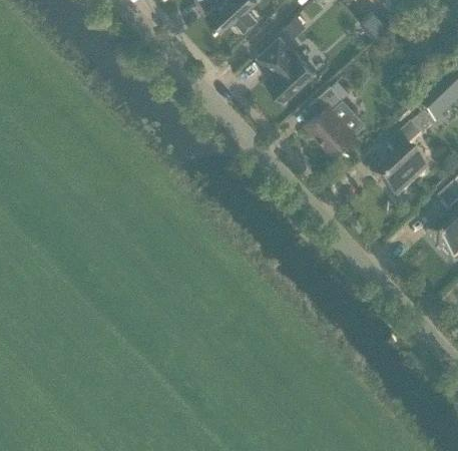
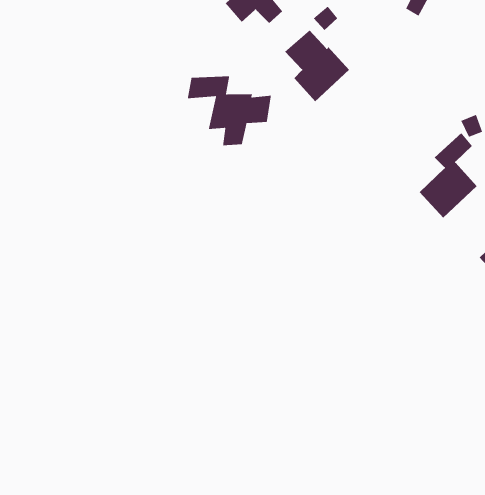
building: none -> [187,76,272,146]
building: [310,84,358,152] -> none

